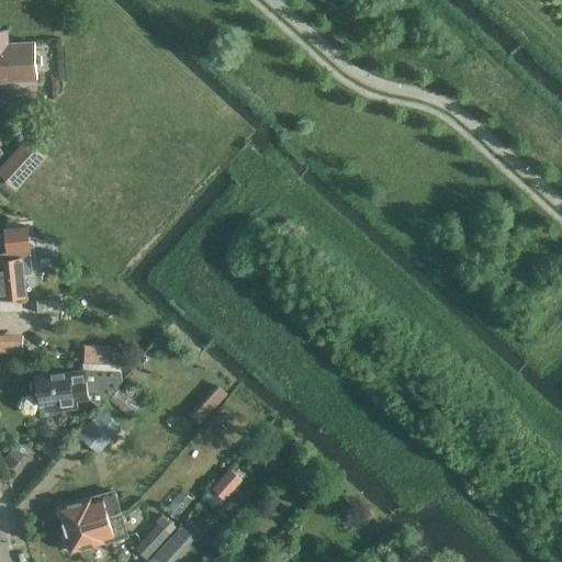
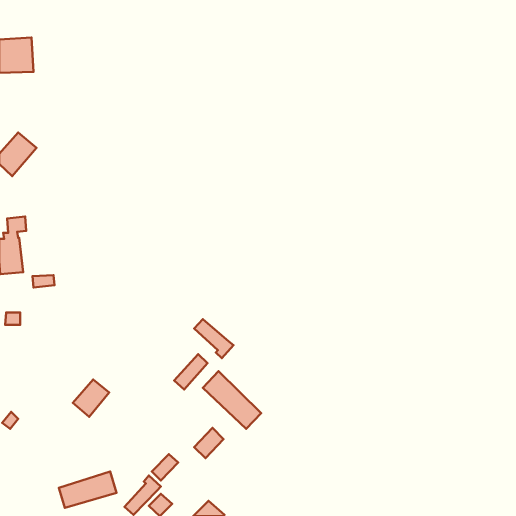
building: none -> [194,319,233,358]
building: [31,360,122,416] -> none
building: none -> [203,371,261,429]
building: [56,490,120,529] -> none

